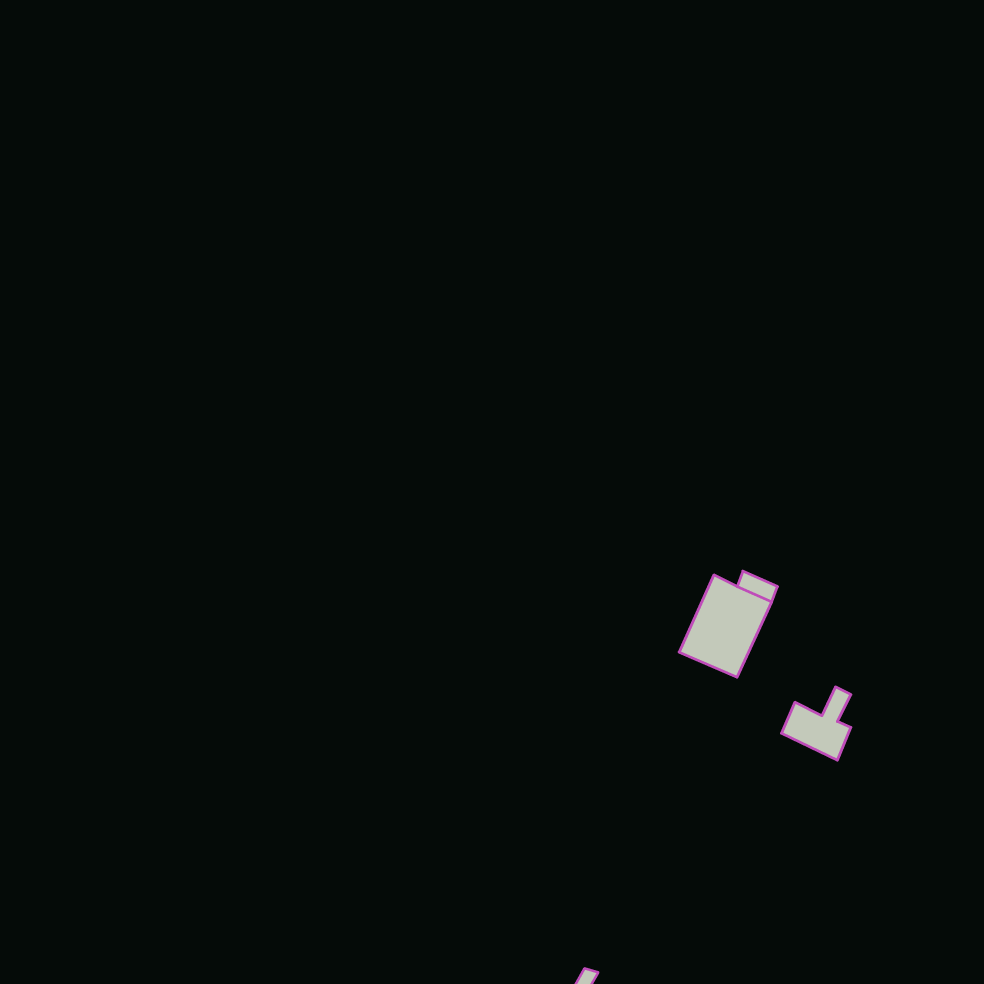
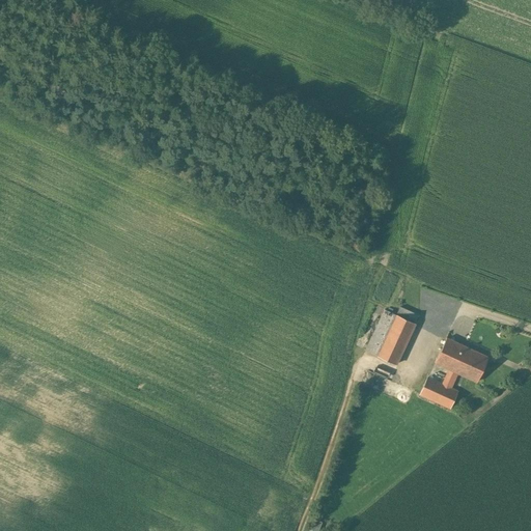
building: none -> [436,339,488,383]

